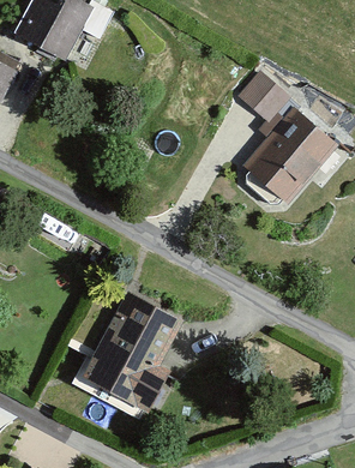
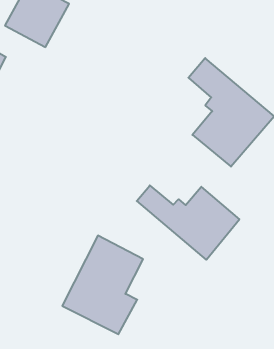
building: none -> [137,185,239,260]

